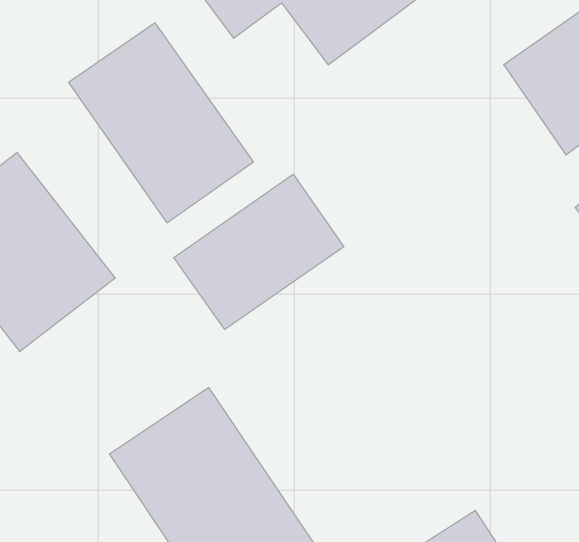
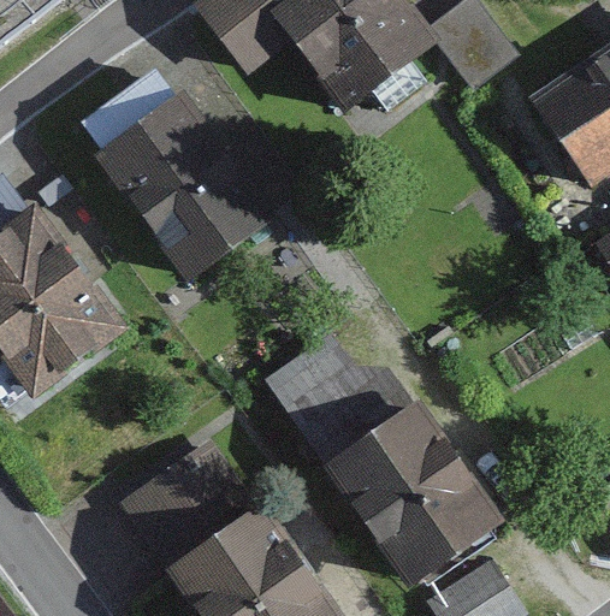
building: [174,174,344,329] -> none
building: none -> [274,338,507,592]

